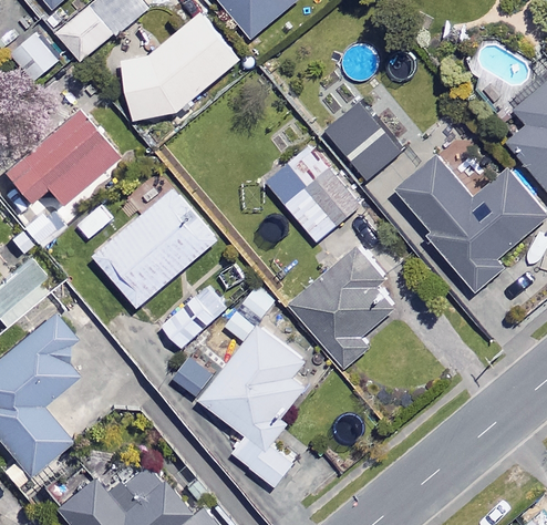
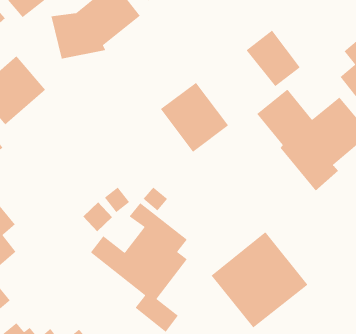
building: [328,102,402,179] -> [246,29,301,87]
building: [95,187,218,307] -> none
building: [282,238,414,369] -> [210,231,308,328]

